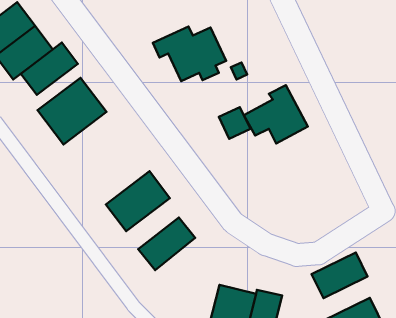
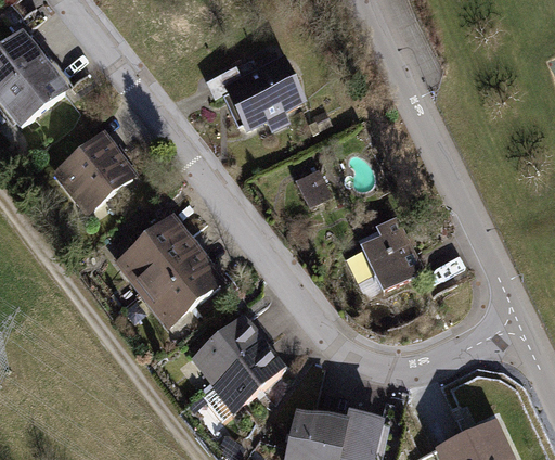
building: [21,43,78,95] -> none
building: [244,85,308,144] -> [343,217,428,295]
building: none -> [112,215,201,308]
building: none -> [198,340,284,419]
building: [312,252,368,298] -> none

